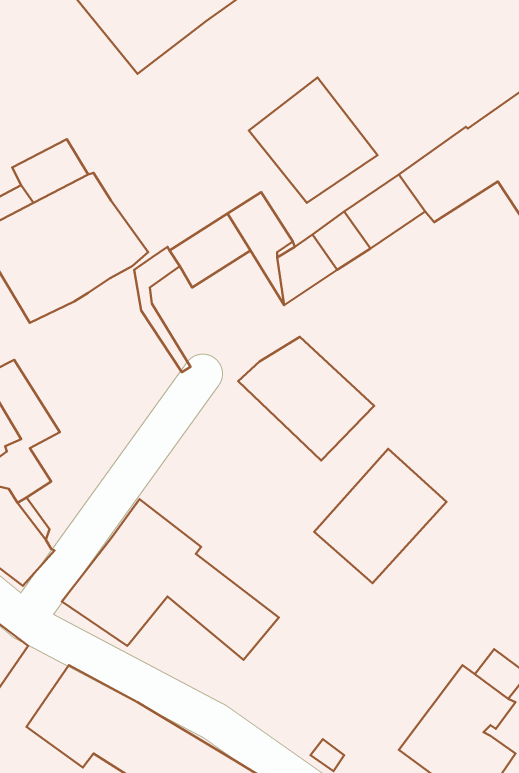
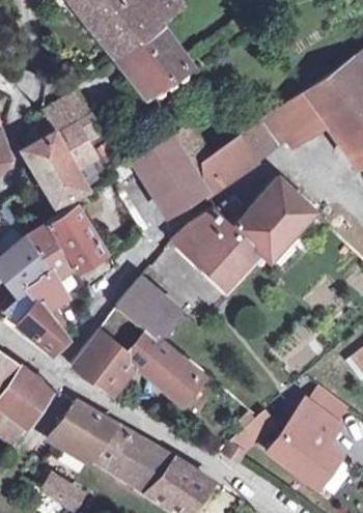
building: [249,77,378,203] -> [117,26,193,99]
building: none -> [149,161,203,213]
building: none -> [45,205,106,270]
building: [314,449,446,583] -> [234,179,312,258]
building: none -> [118,279,176,335]

